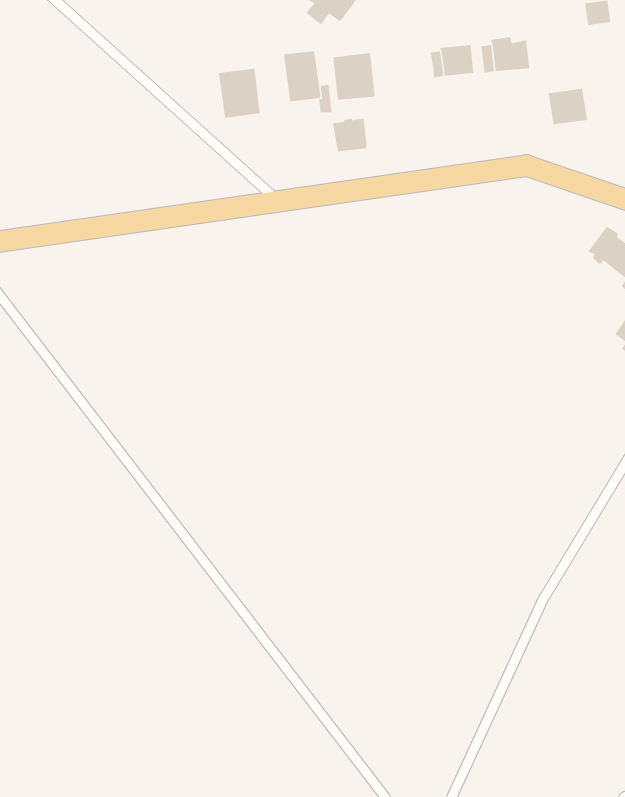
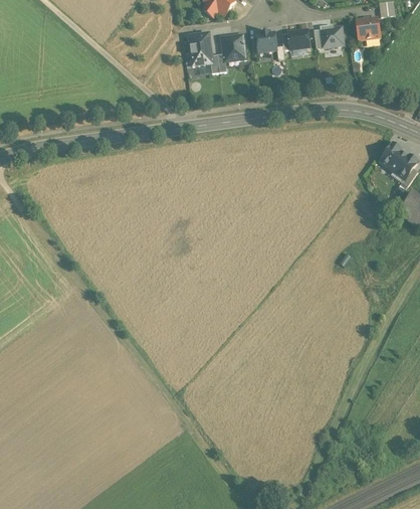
building: [218,68,260,118] -> none
building: [548,88,588,125] -> [356,17,381,40]
building: [332,118,367,152] -> [255,31,277,52]

